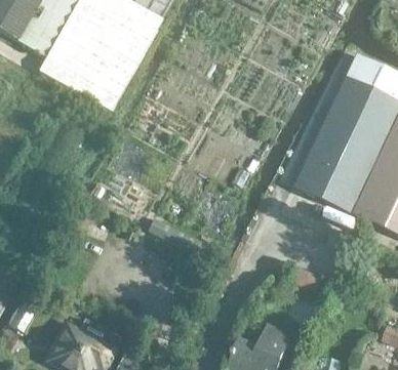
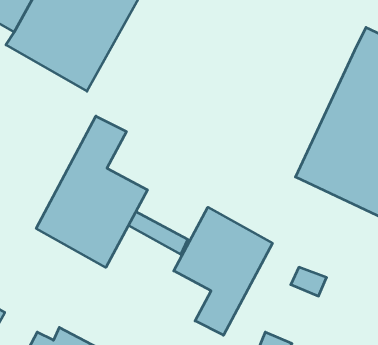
building: none -> [36,116,147,267]
building: none -> [174,207,272,335]

